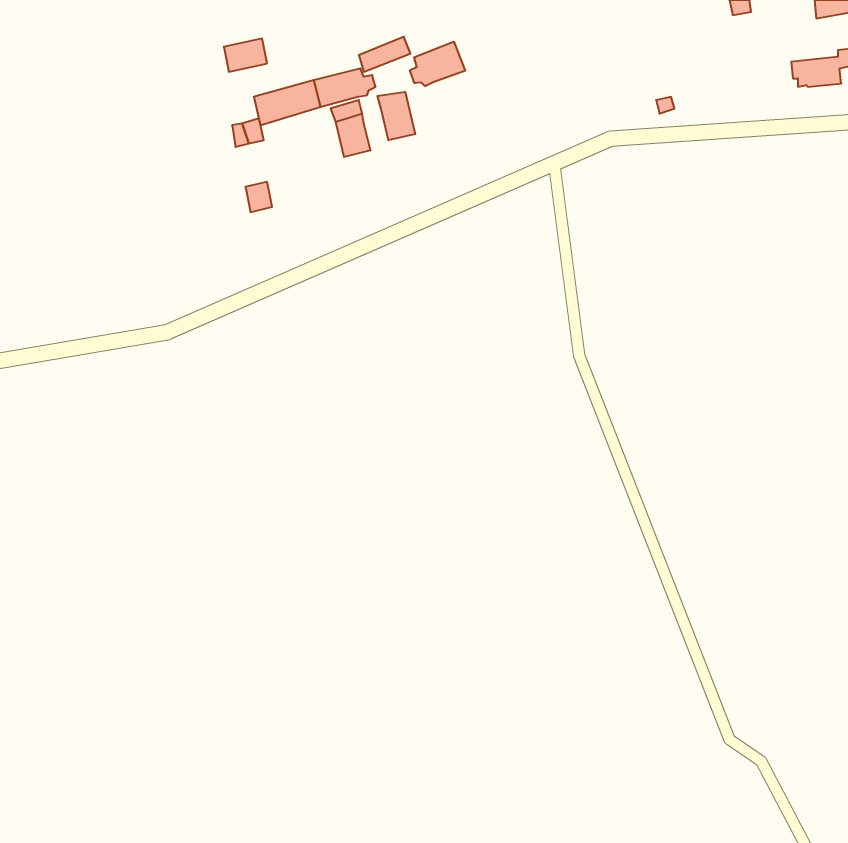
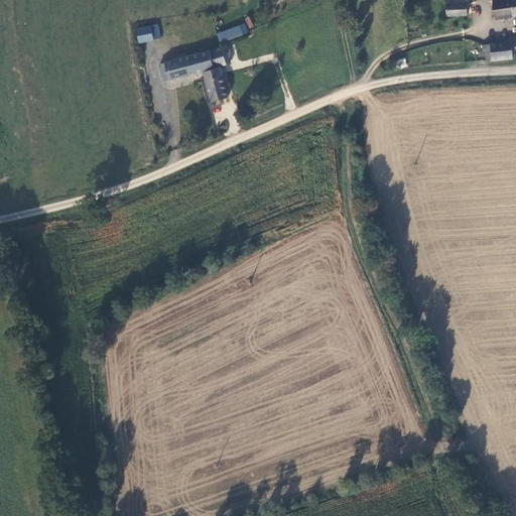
building: [410,42,465,86] -> none
building: [377,92,415,140] -> none

